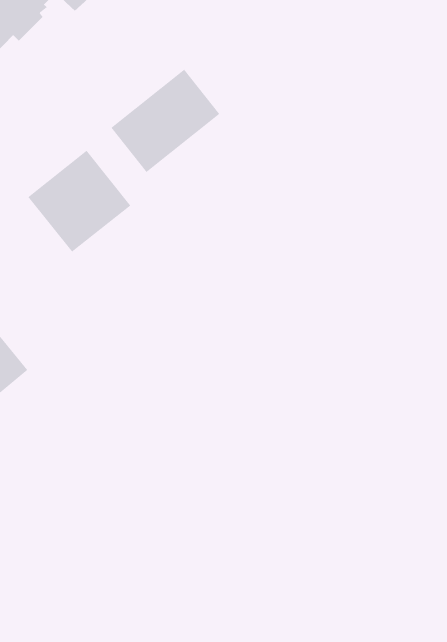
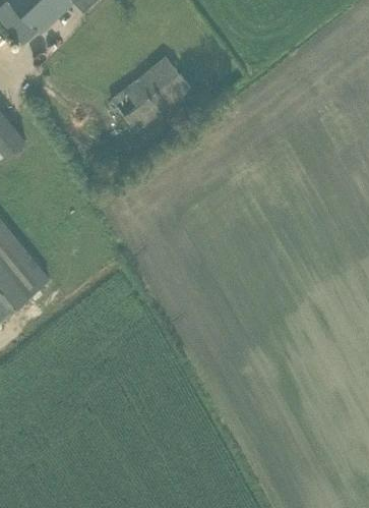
building: [28,150,131,253] -> none

